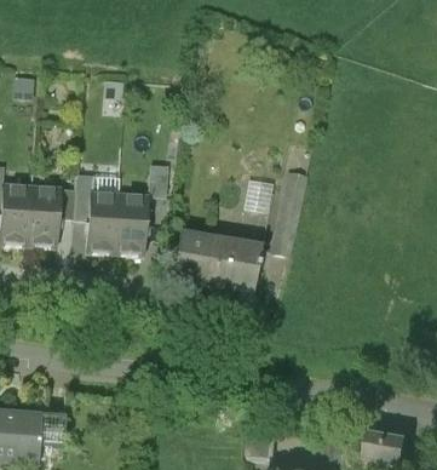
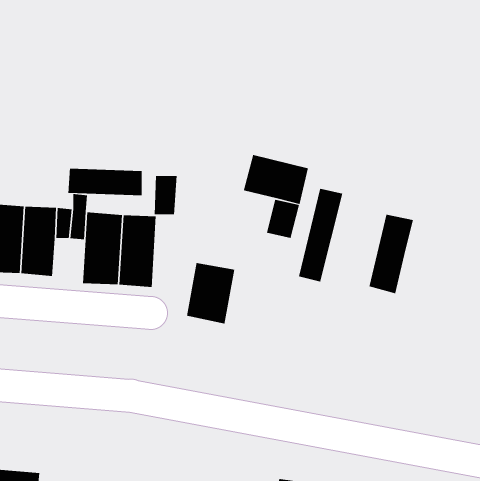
building: none -> [243,154,309,205]
building: none -> [68,168,142,196]
building: none -> [369,214,413,294]
building: [206,239,263,294] -> none

